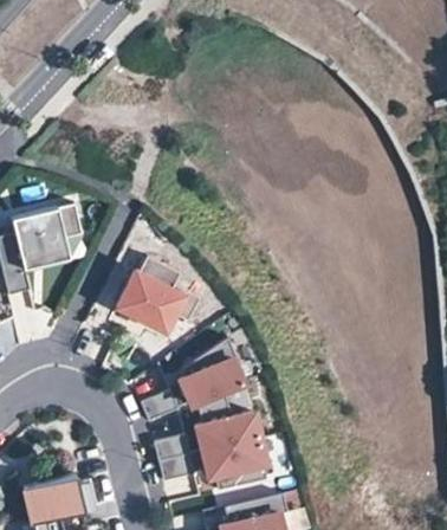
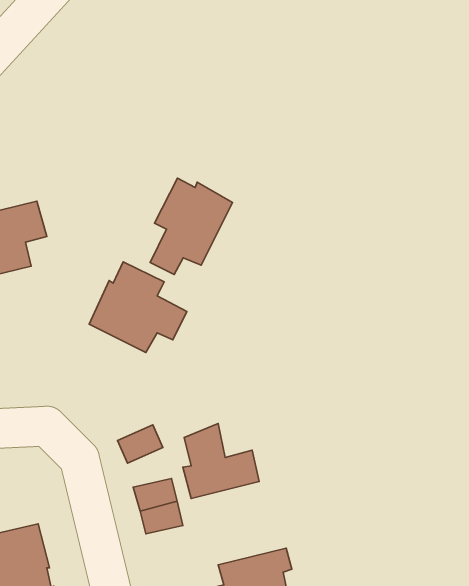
building: none -> [150,178,233,275]
building: [177,336,242,405] -> none
building: [201,438,265,491] -> none

